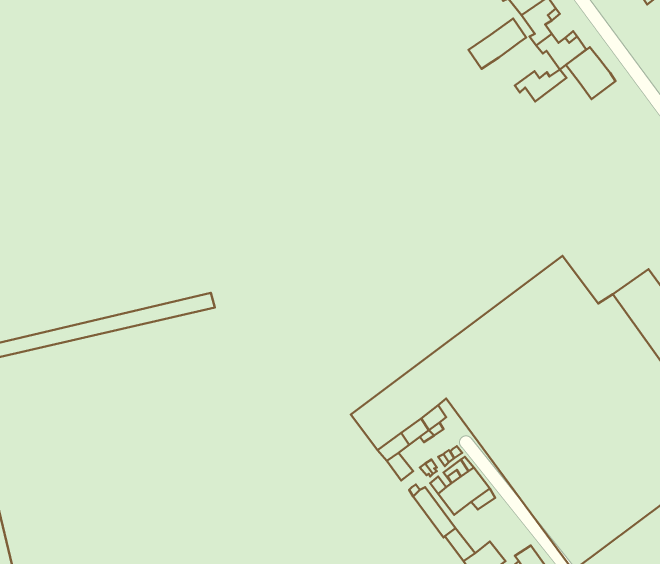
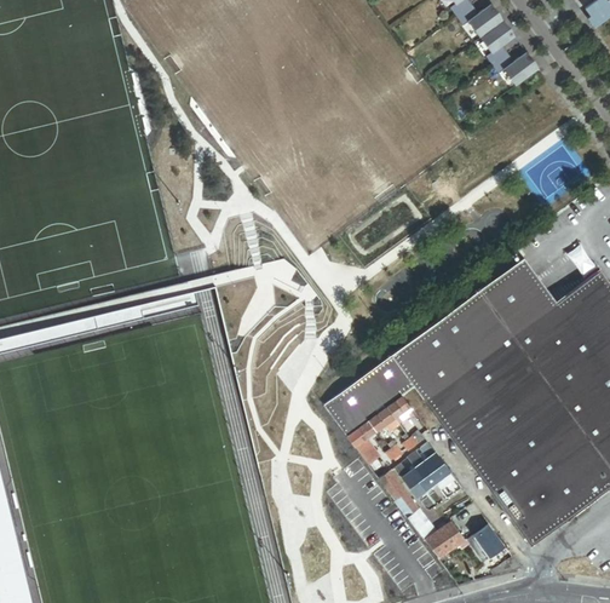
building: [468,18,526,69] -> none
building: [566,47,615,99] -> none
building: [515,69,567,101] -> none

